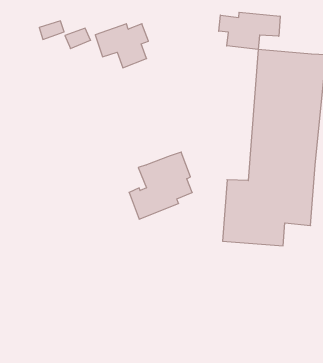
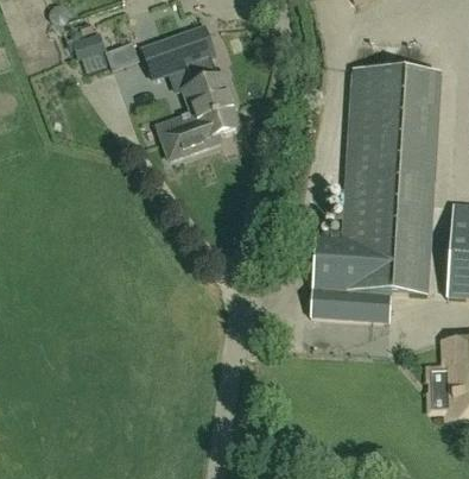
building: [219,12,280,49] -> none
building: [129,152,192,219] -> [158,74,240,160]

